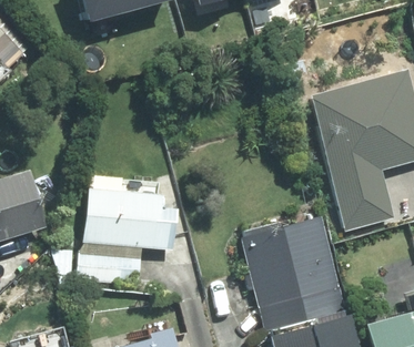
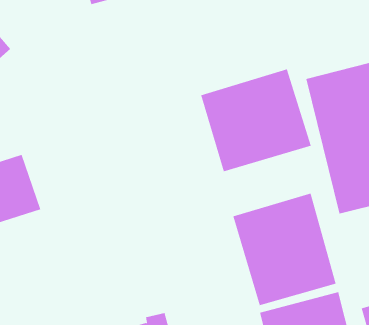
building: none -> [201,68,312,172]
building: [79,174,173,286] -> none

